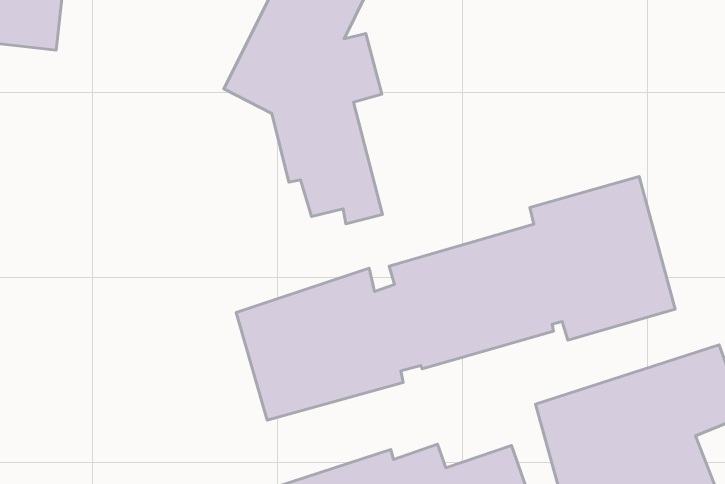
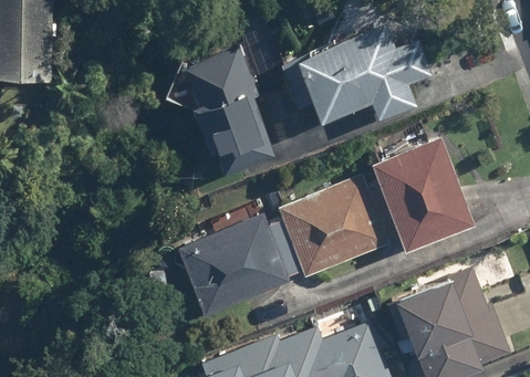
building: none -> [294,29,429,123]

